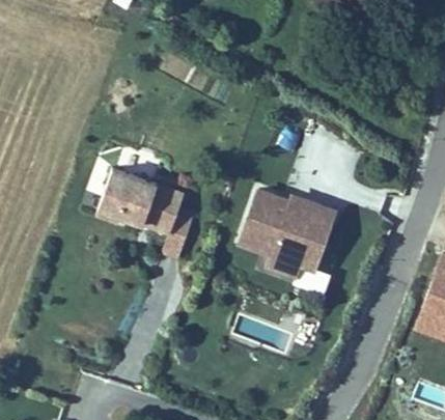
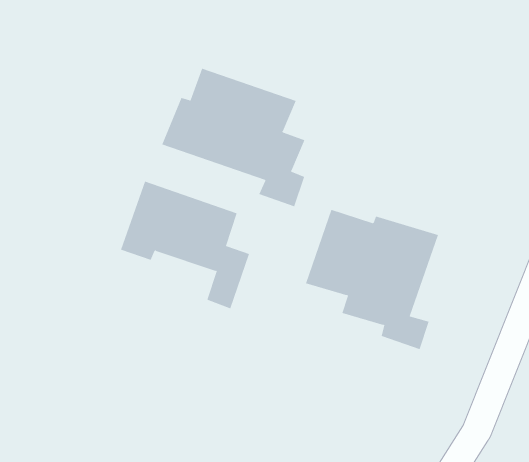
building: none -> [161,68,305,207]

